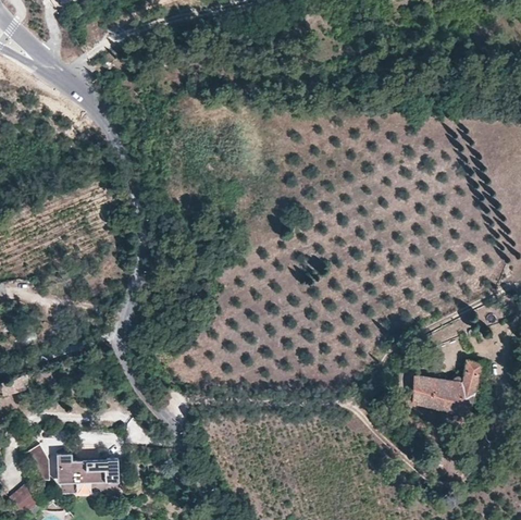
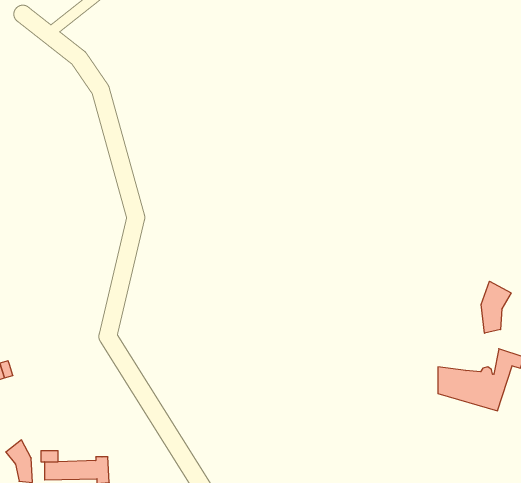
building: none -> [481,281,511,333]

